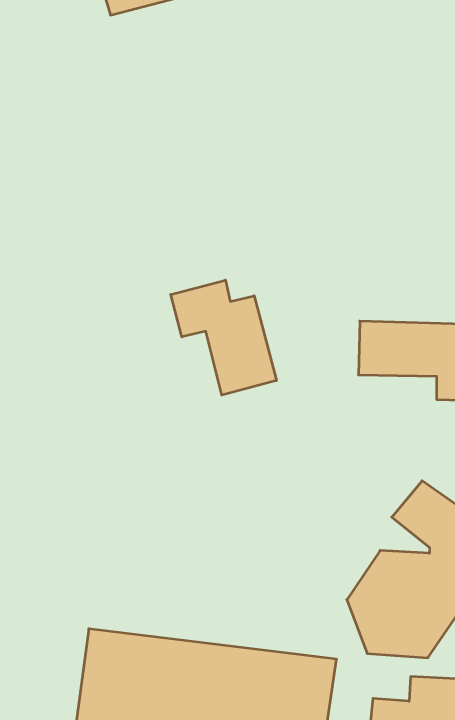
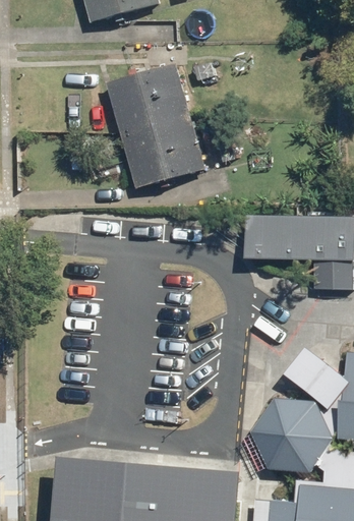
building: none -> [106,62,202,184]
building: [171,280,276,395] -> none

